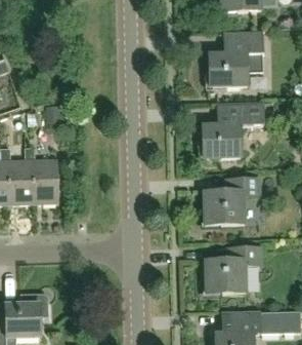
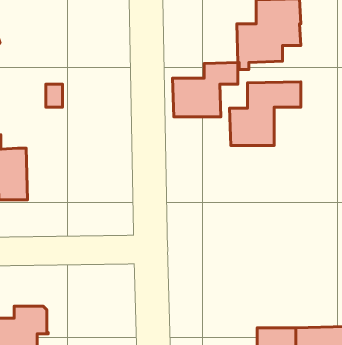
building: [23,148,56,203] -> none
building: [203,178,258,224] -> [173,62,238,117]
building: [204,246,259,293] -> none

